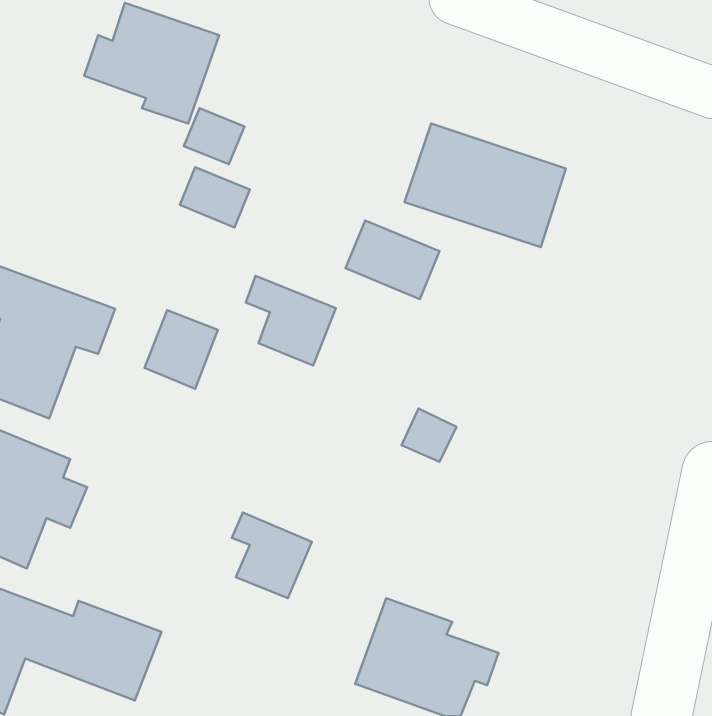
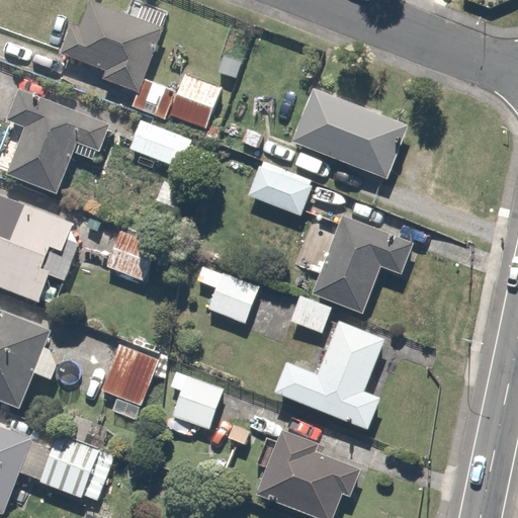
building: none -> [170,75,223,131]
building: none -> [4,88,110,196]
building: [246,276,336,366] -> [195,262,260,327]
building: none -> [312,213,413,315]
building: none -> [276,325,382,427]
building: none -> [101,343,170,417]

